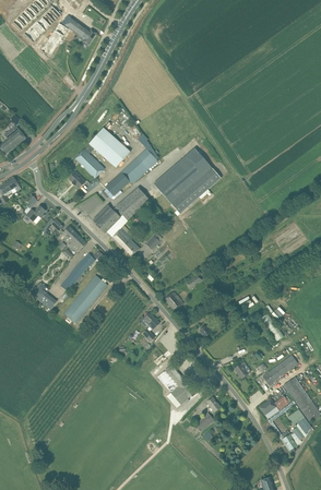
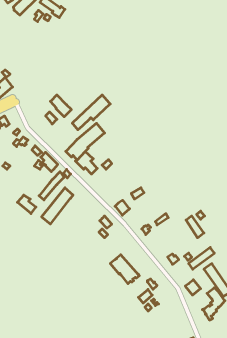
building: [88,127,129,167] -> none
building: [153,147,221,213] -> none

